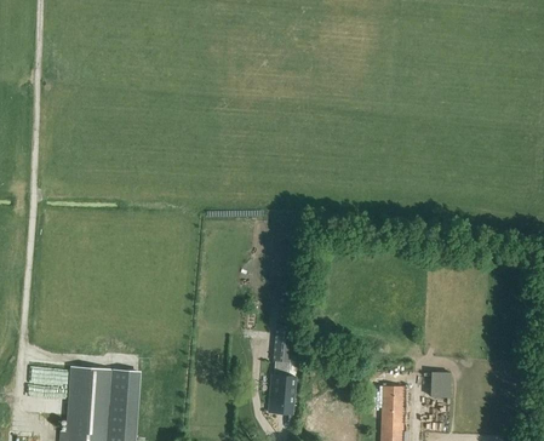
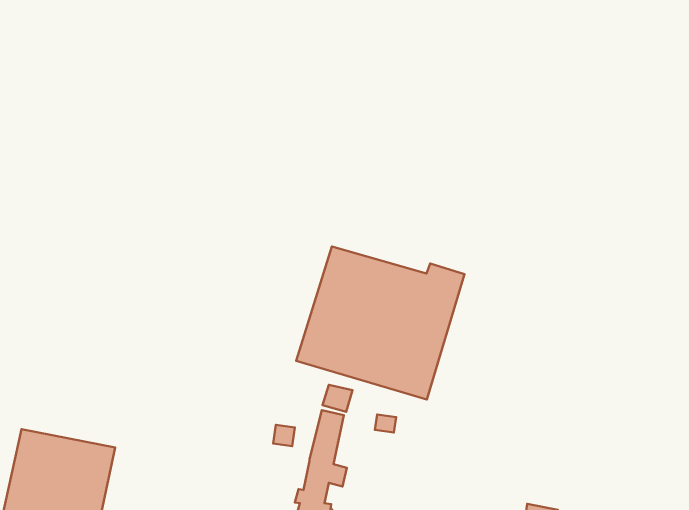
building: none -> [296,247,464,399]

